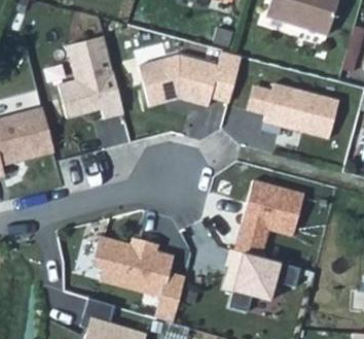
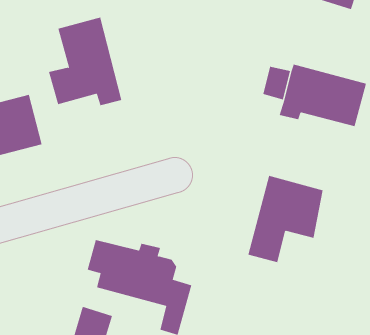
building: [140,48,243,104] -> none
building: [224,248,301,310] -> none

